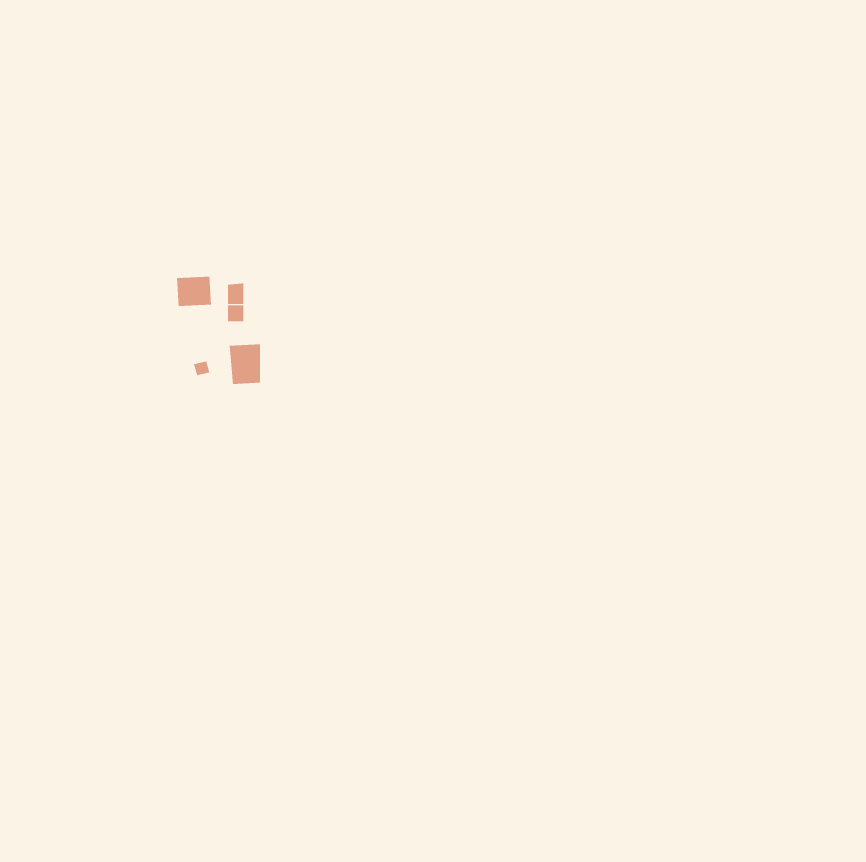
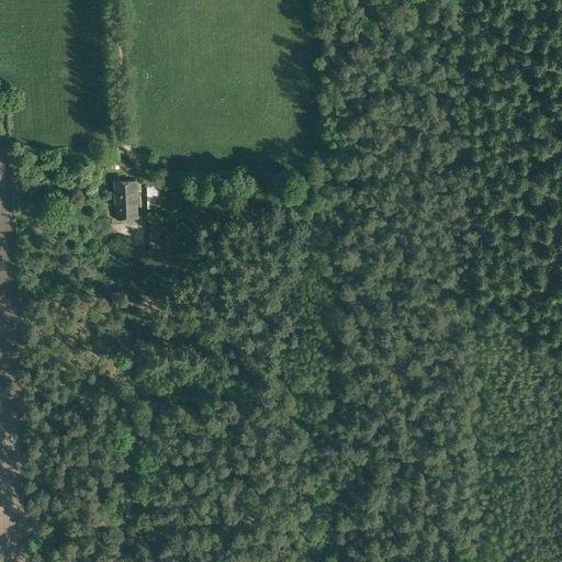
building: none -> [115,200,138,221]

